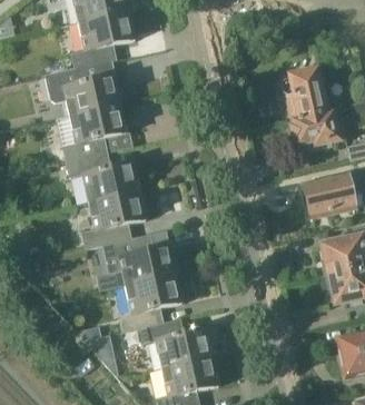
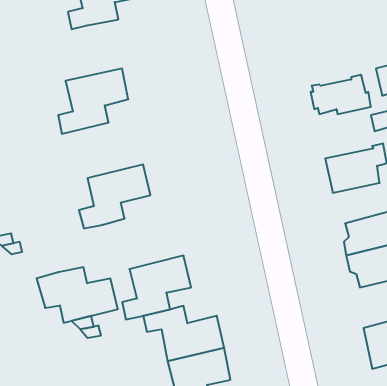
building: [46,63,119,113] -> none
building: [279,66,326,118] -> none
building: [65,151,138,201] -> none
building: [101,234,175,284] -> [37,267,118,323]

